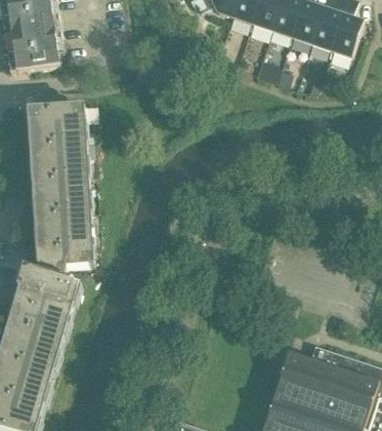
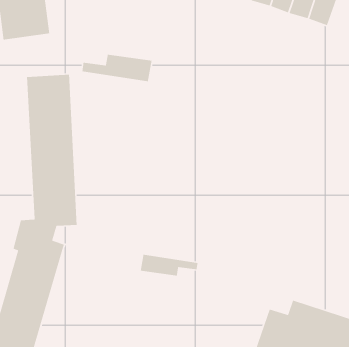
building: none -> [81,54,152,82]
building: none -> [140,254,198,276]

